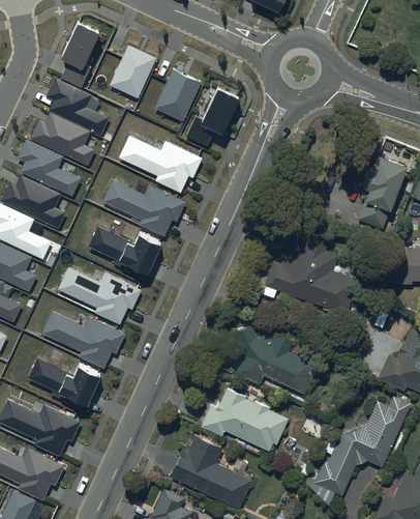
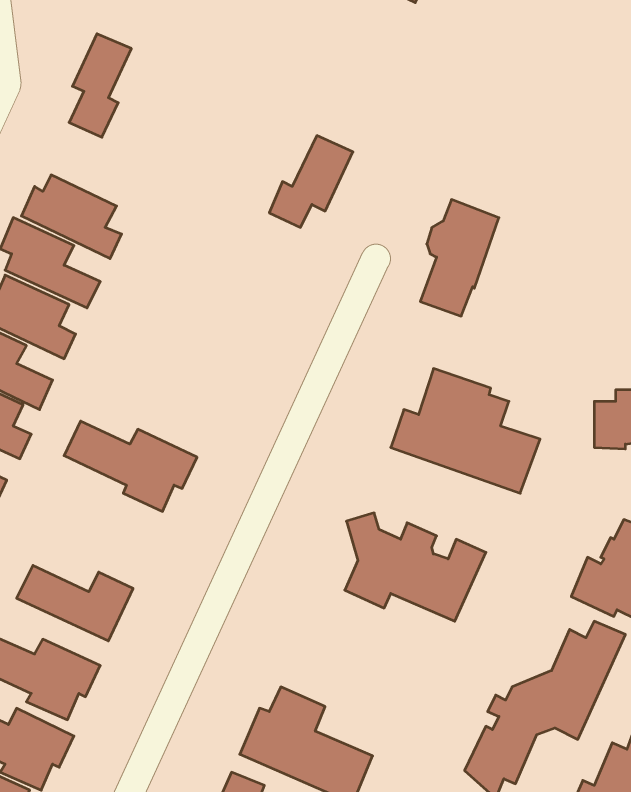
building: [110,46,156,98] -> none
building: [154,68,201,122] -> none
building: [46,78,109,135] -> none
building: [119,136,203,193] -> none
building: [357,155,407,229] -> [420,200,499,316]
building: [103,180,186,236] -> none
building: [89,226,162,275] -> none
building: [41,312,126,369] -> none
building: [202,388,289,451] -> none

